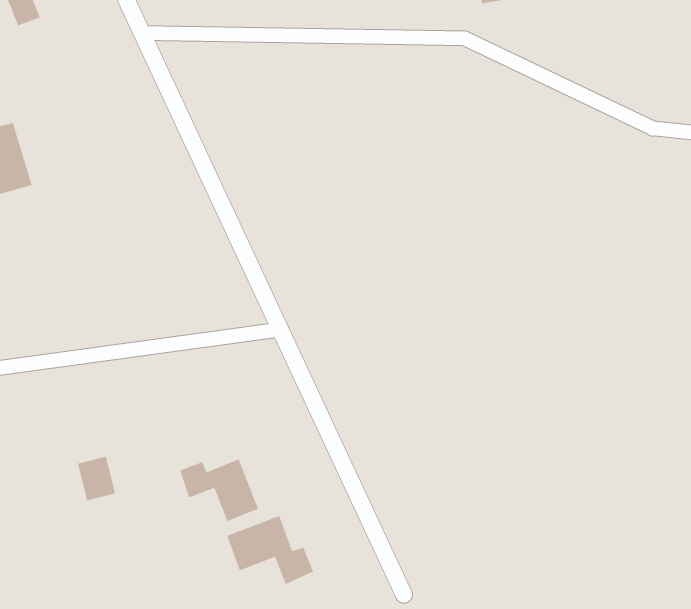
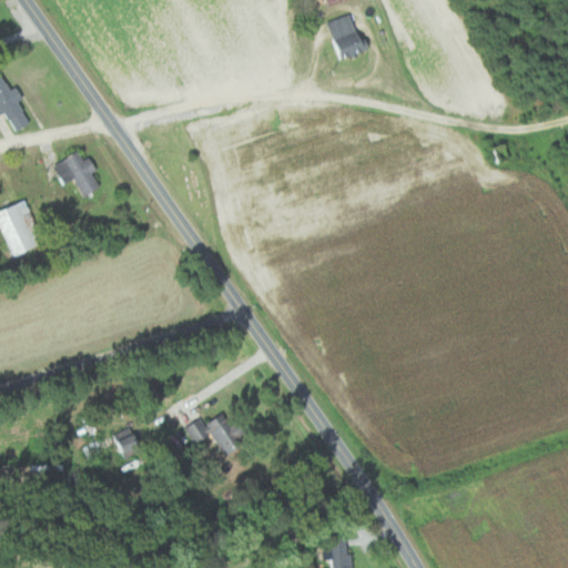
building: none -> [53,151,100,197]
building: [226,515,314,585] -> none

